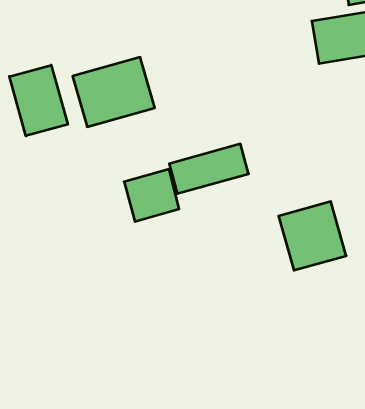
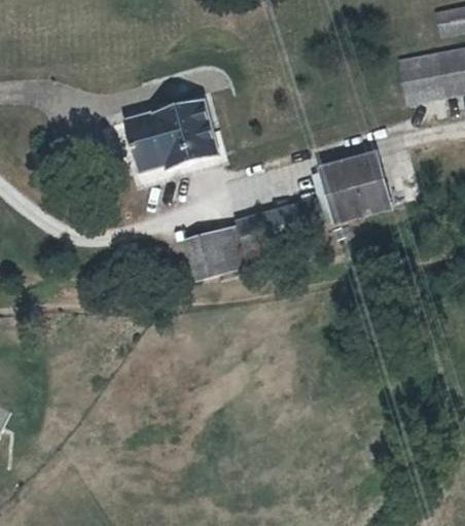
building: [9,65,68,136] -> none
building: [279,202,346,270] -> [318,148,395,226]

